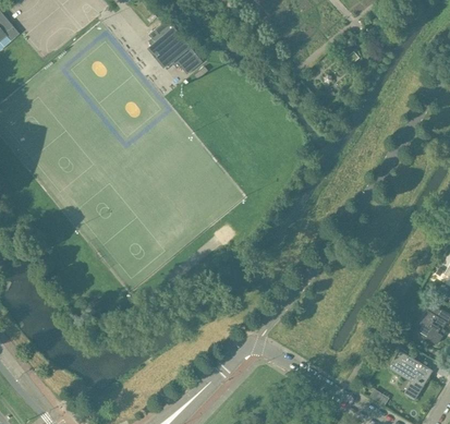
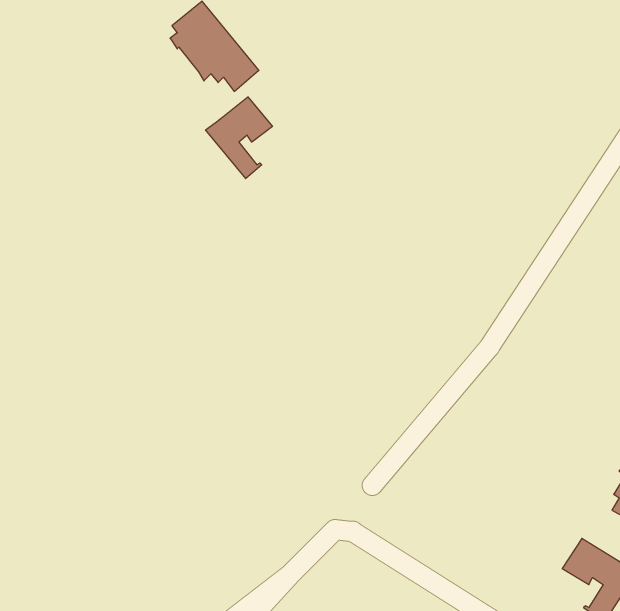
building: none -> [206,97,272,179]

